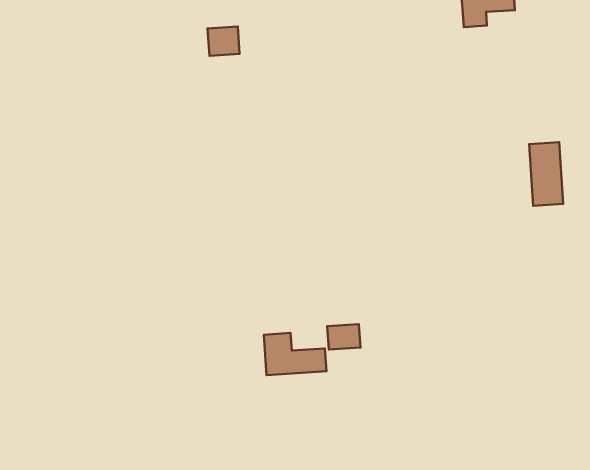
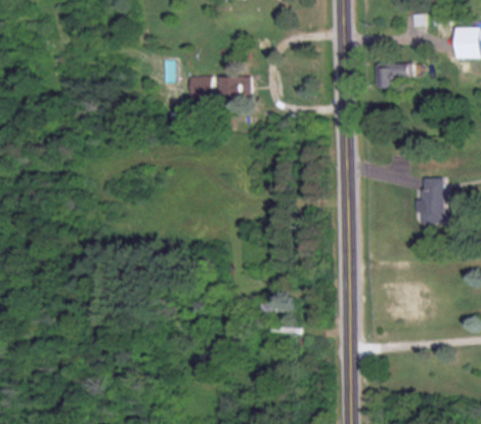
building: none -> [219,76,248,96]
building: [264,333,326,375] -> none

